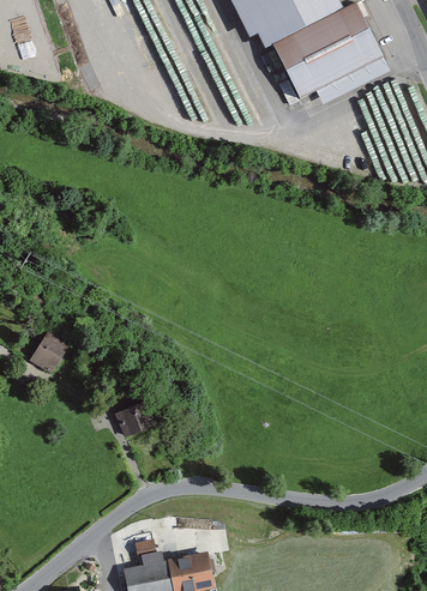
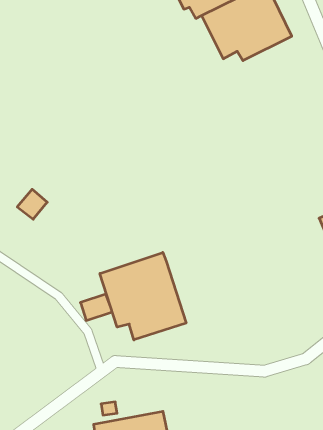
building: [29,333,67,372] -> [17,189,47,219]
building: none -> [100,252,186,340]

